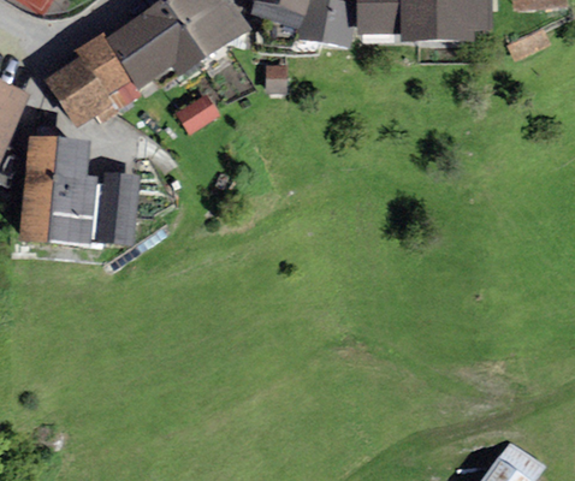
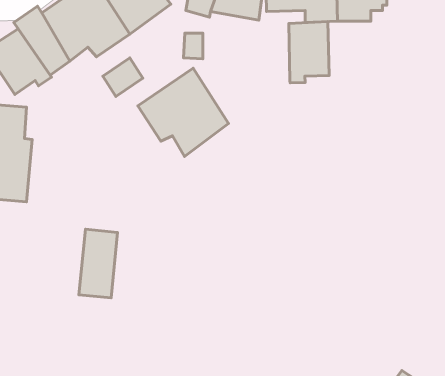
building: none -> [289,22,329,83]
building: none -> [138,68,228,157]
building: [96,168,140,245] -> [79,229,118,298]

